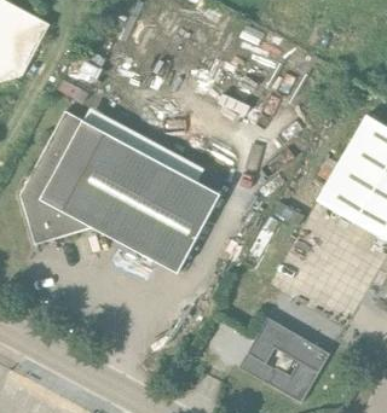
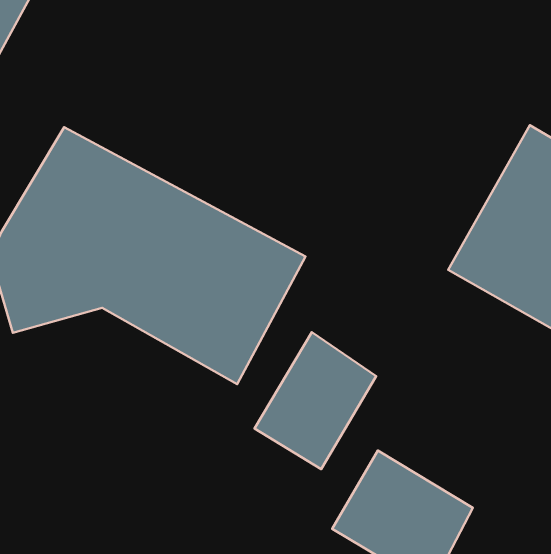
building: none -> [255,332,376,469]

